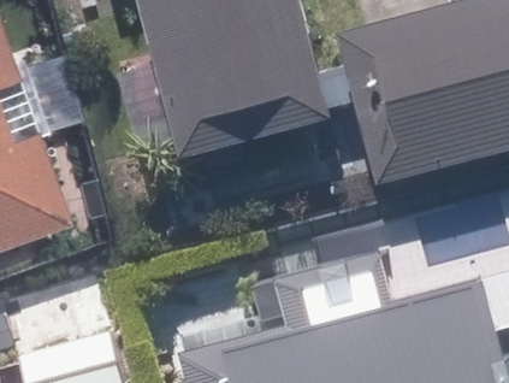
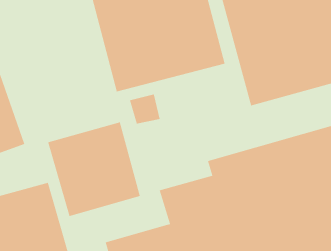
building: none -> [47,122,141,217]

